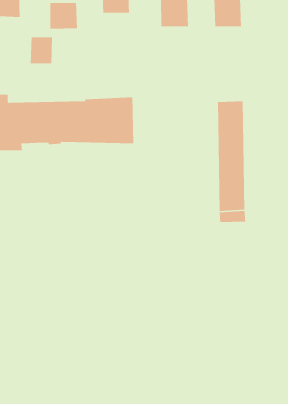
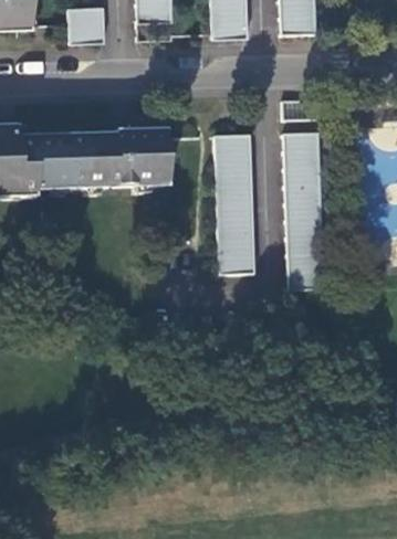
building: [30,36,53,64] -> none
building: none -> [215,135,257,276]

